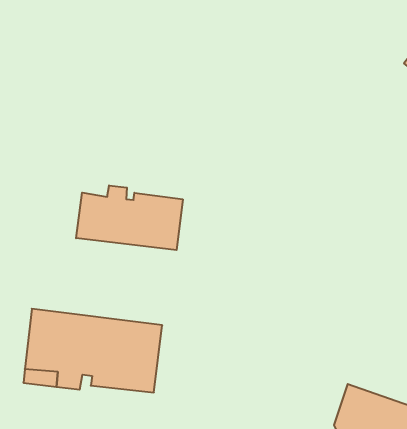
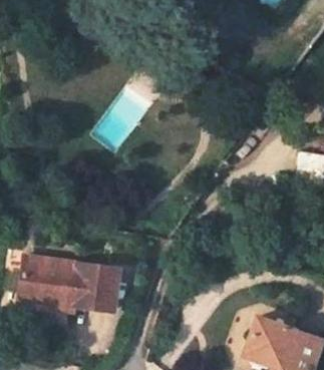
building: [76,185,183,250] -> none

